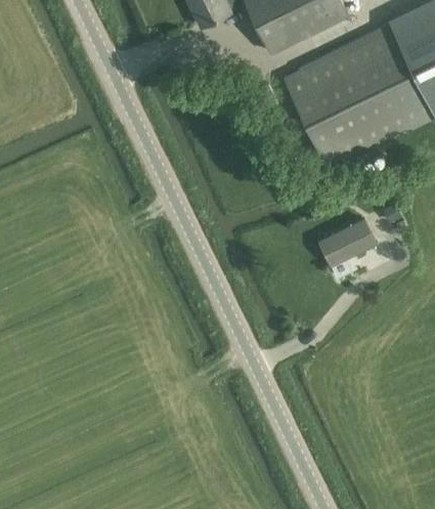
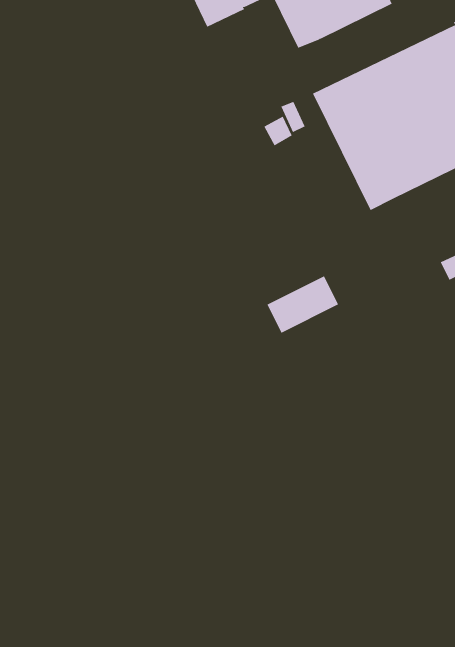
building: [319,218,376,263] -> [267,276,339,334]

